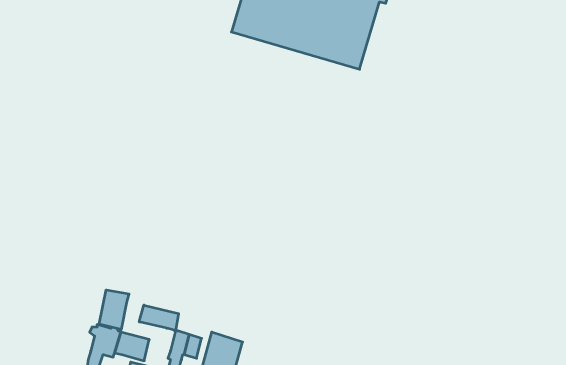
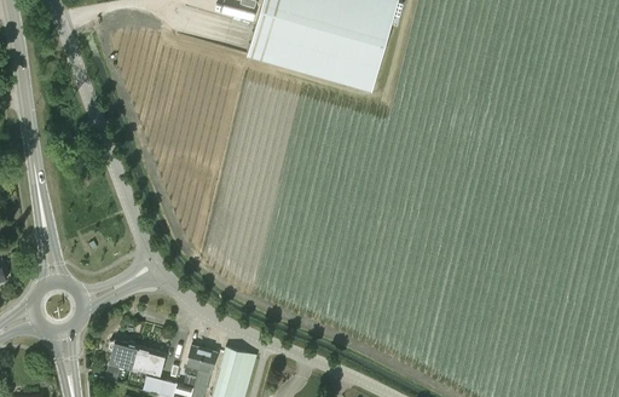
building: [99,290,129,329] -> none
building: [139,305,179,331] -> none

